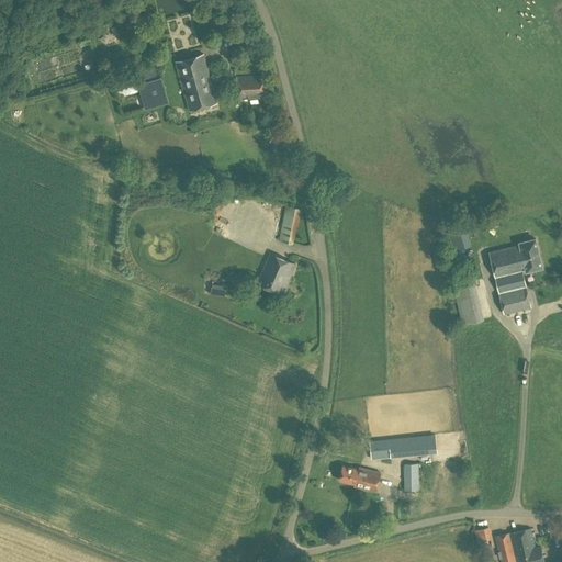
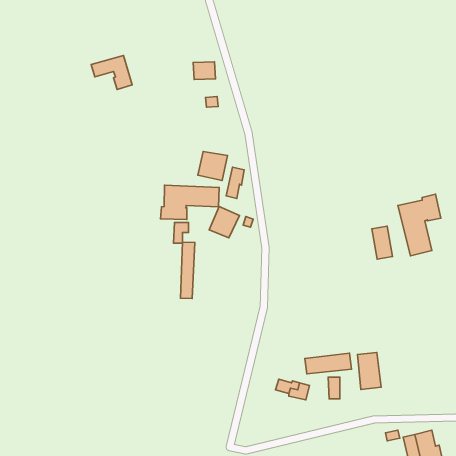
building: [176,56,216,111] -> none
building: none -> [198,151,228,180]
building: none -> [161,185,219,220]
building: none -> [180,242,195,299]
building: none -> [357,353,381,390]

